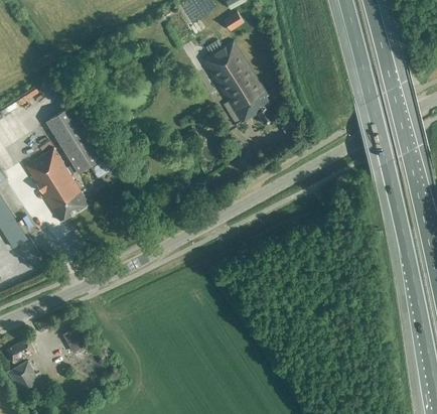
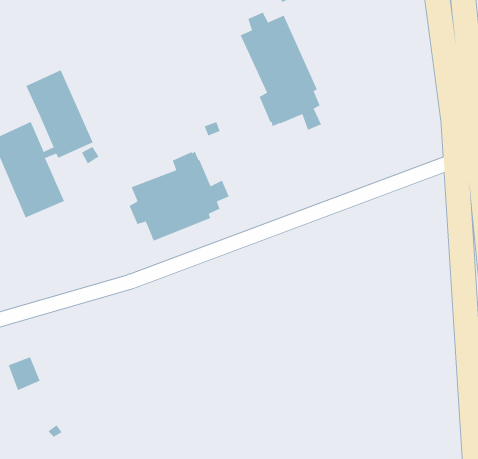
building: none -> [129,150,230,241]

